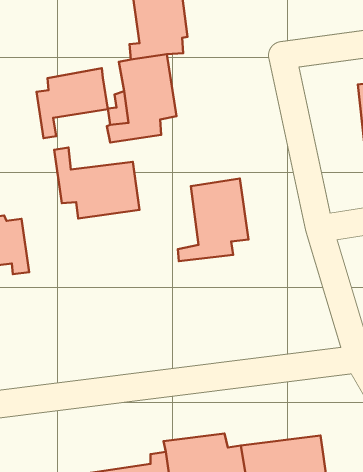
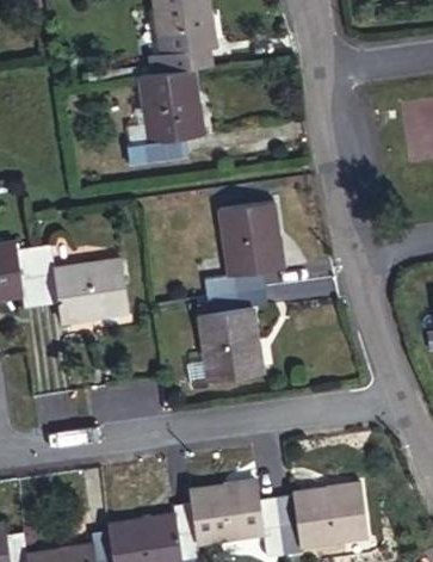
building: [37,68,108,138] -> none
building: [54,148,139,218] -> [33,245,126,322]
building: none -> [197,286,267,382]

